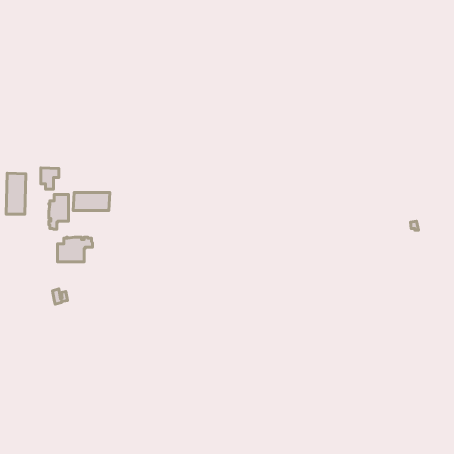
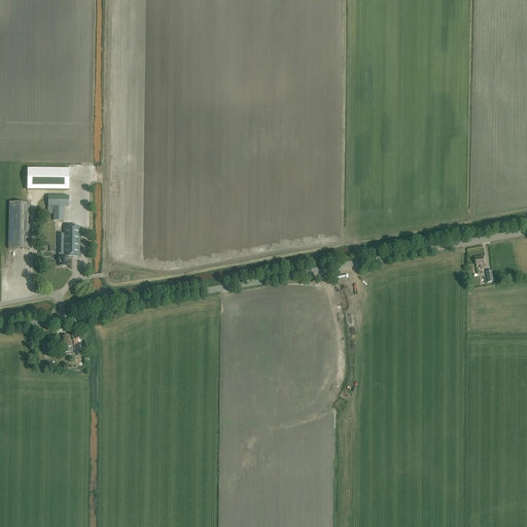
building: [73,193,110,210] -> [26,167,68,187]
building: [58,237,92,262] -> none

